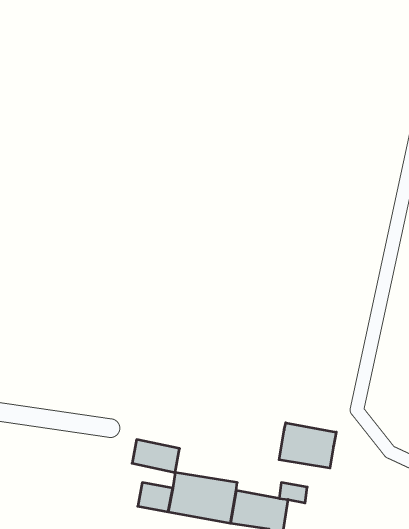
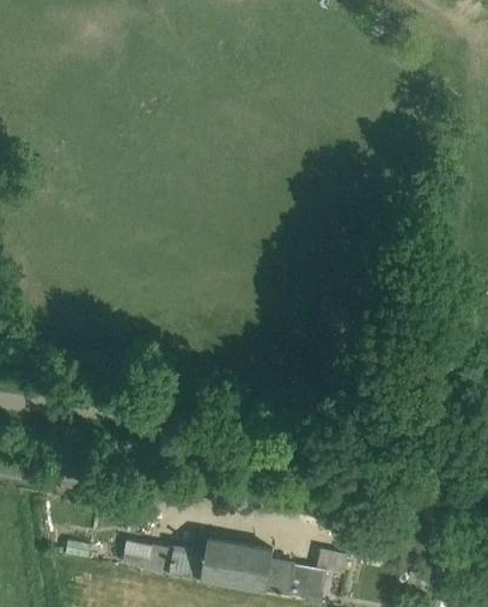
building: [279,423,336,468] -> none
building: [132,440,180,472] -> [122,540,172,575]

